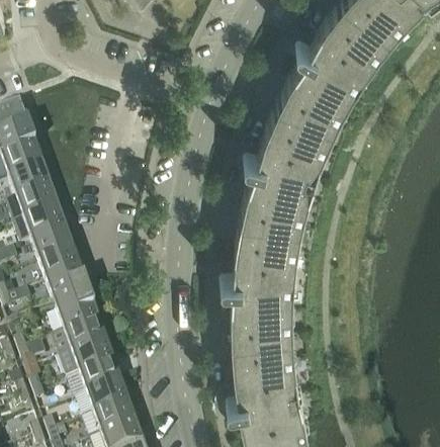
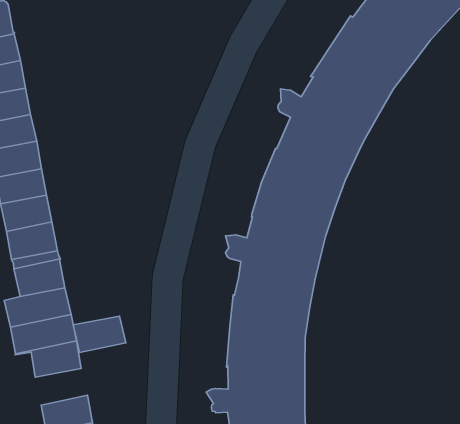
building: [85,381,128,415] -> [73,316,126,353]

